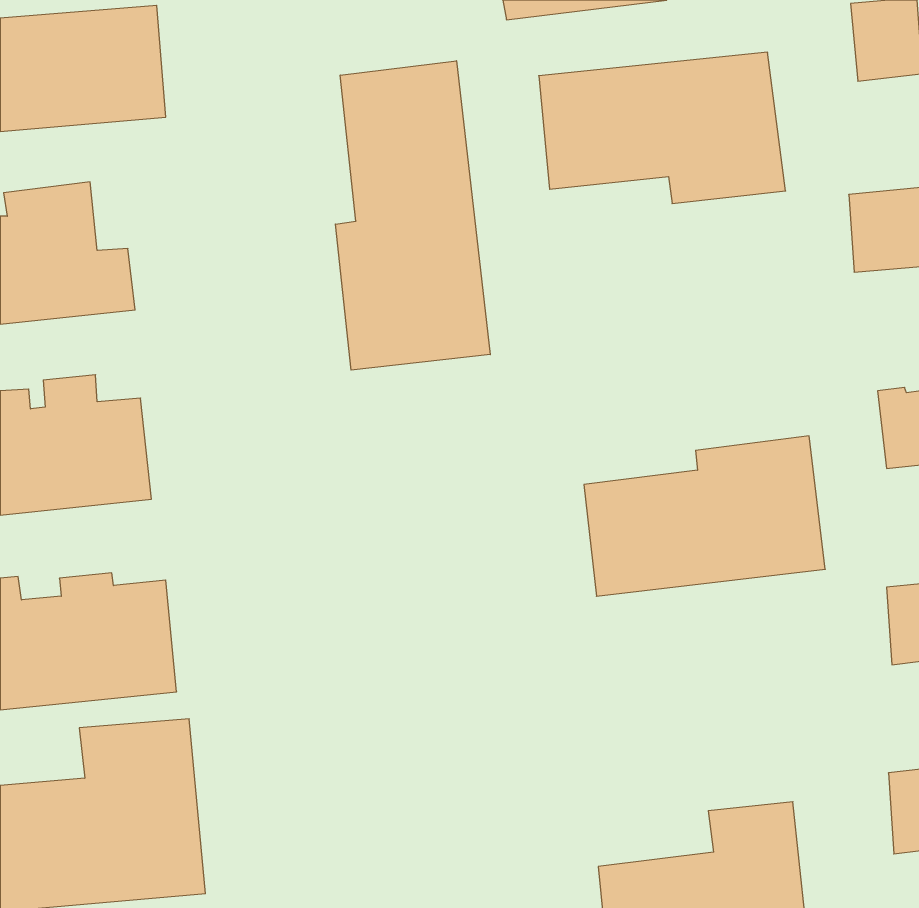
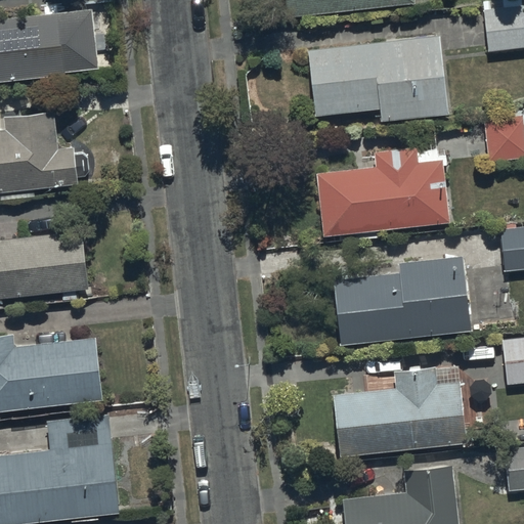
building: [335,61,490,370] -> none
building: none -> [315,147,450,236]
building: none -> [332,364,466,456]

